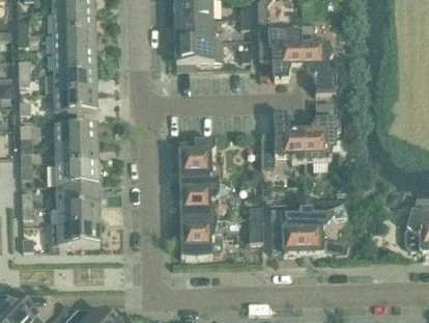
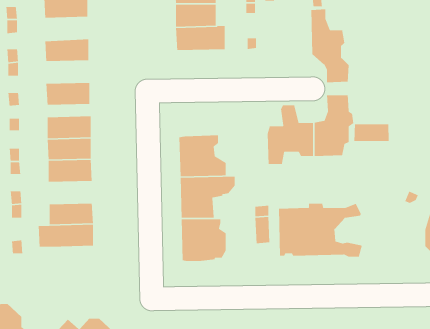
building: [257,23,301,78] -> none
building: [53,30,94,52] -> none
building: [54,71,95,91] -> none
building: none -> [354,123,389,142]
building: [56,183,97,204] -> none

